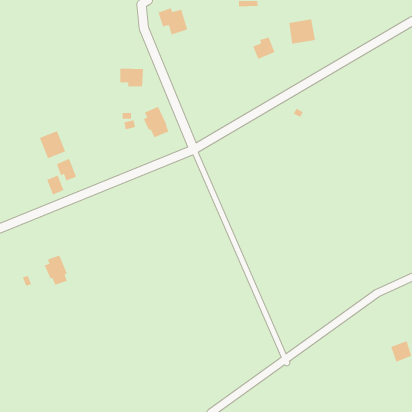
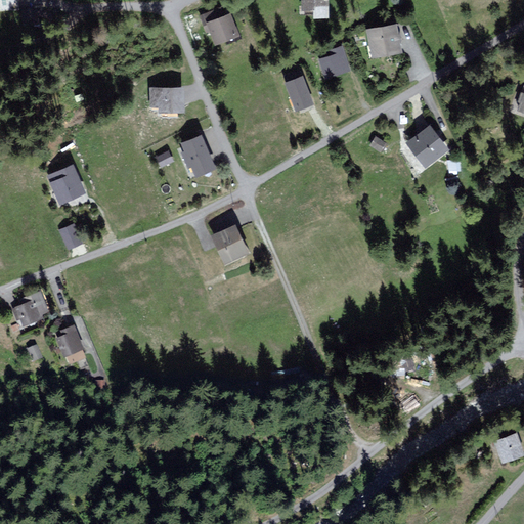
building: none -> [283,76,312,111]
building: none -> [405,127,446,168]
building: [56,158,77,181] -> none
building: none -> [211,224,249,263]
building: none -> [10,289,51,326]

